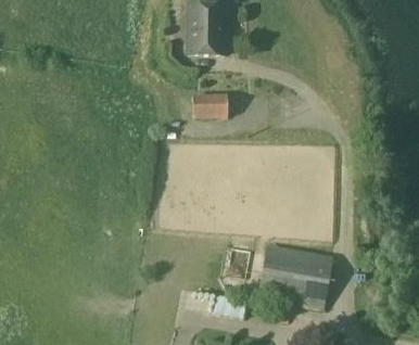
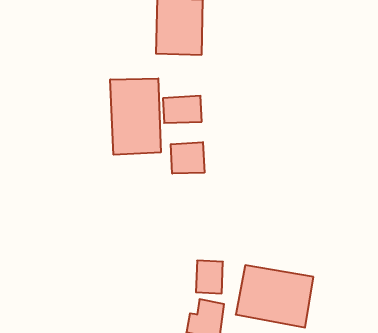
building: none -> [110,78,161,155]
building: none -> [171,142,204,174]

